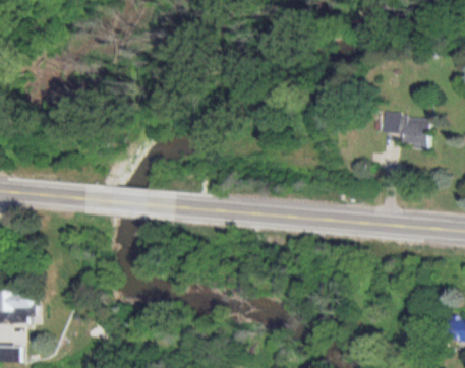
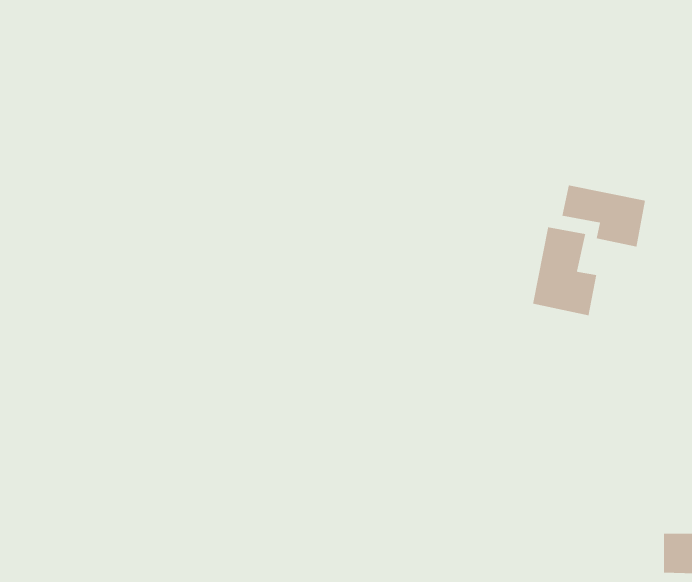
building: none -> [532,227,597,316]

